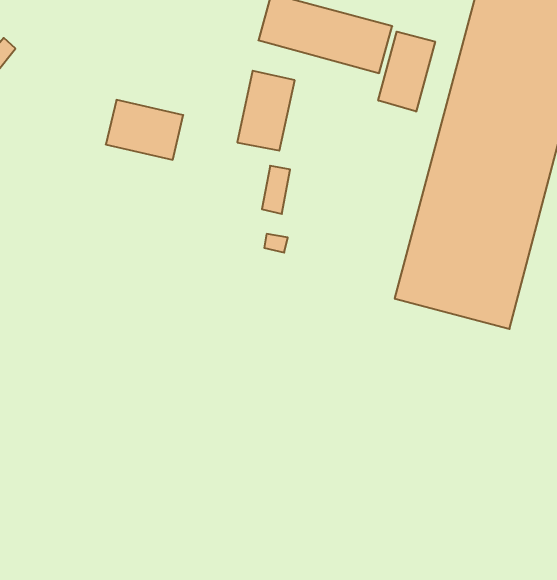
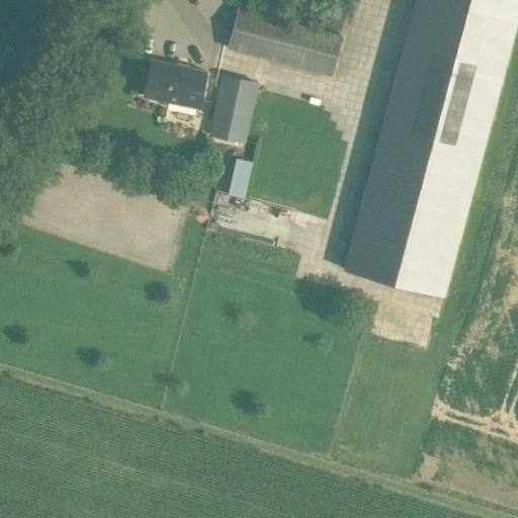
building: [378,32,435,112] -> none
building: [106,100,183,160] -> [142,58,208,109]

